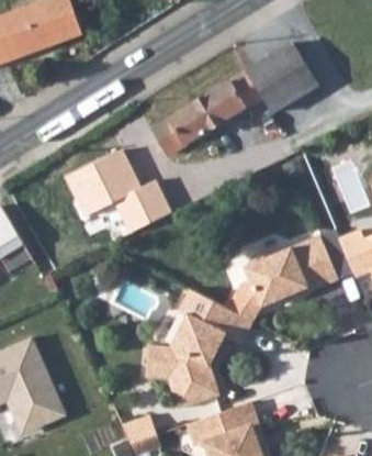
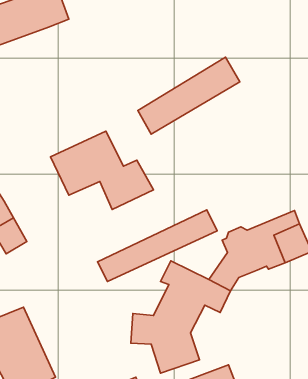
building: [247,44,317,114] -> none
building: none -> [97,210,217,282]

